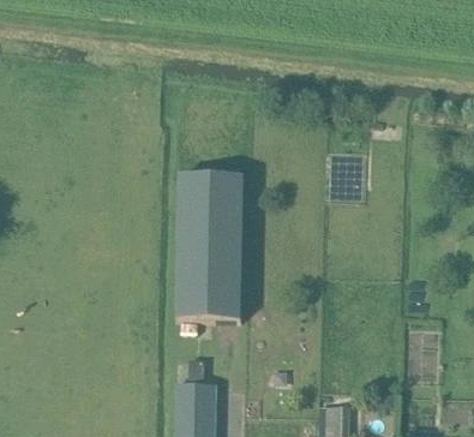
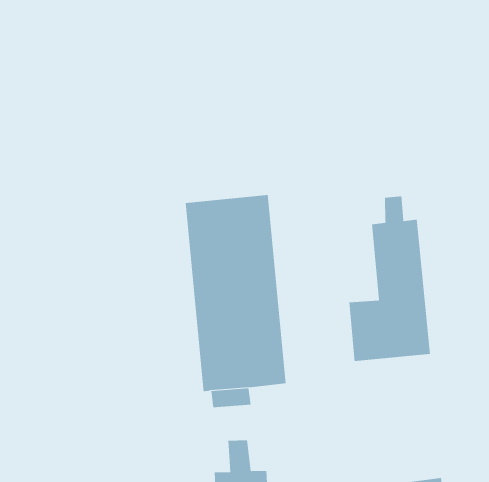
building: none -> [349,195,430,362]

